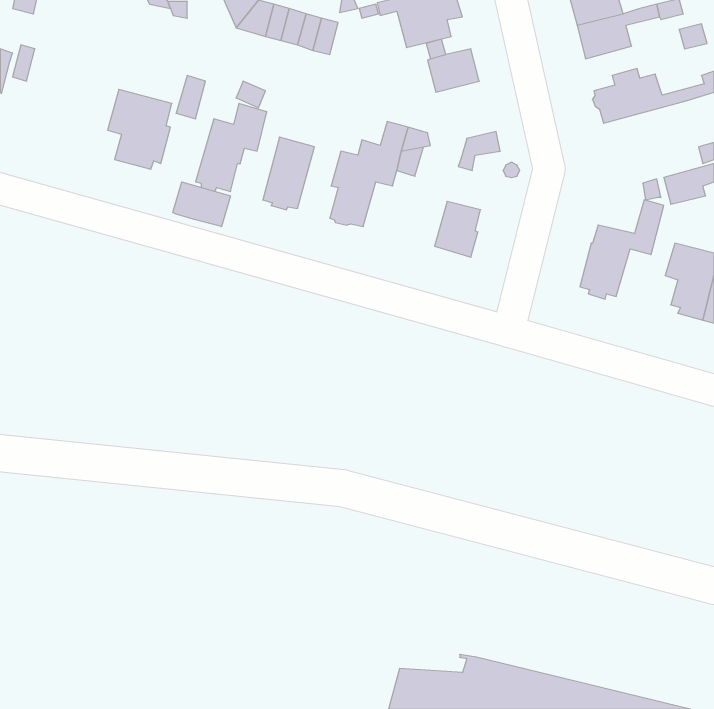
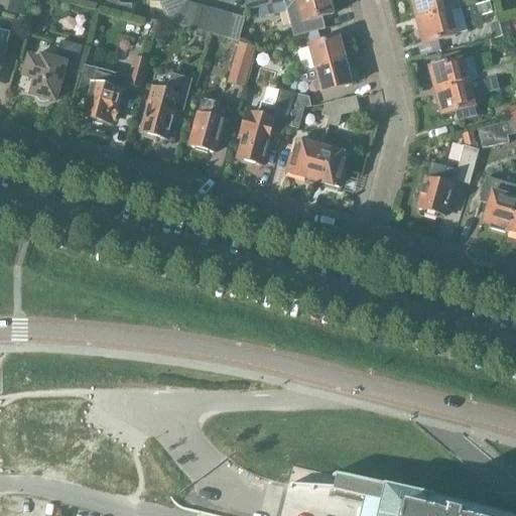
building: none -> [24,38,83,102]
building: none -> [229,42,256,86]
building: none -> [298,58,357,91]
building: none -> [435,73,498,118]
building: [173,182,230,227] -> none
building: none -> [286,138,322,177]

